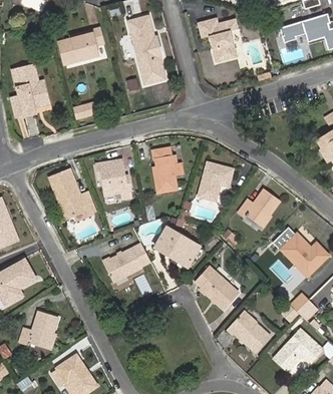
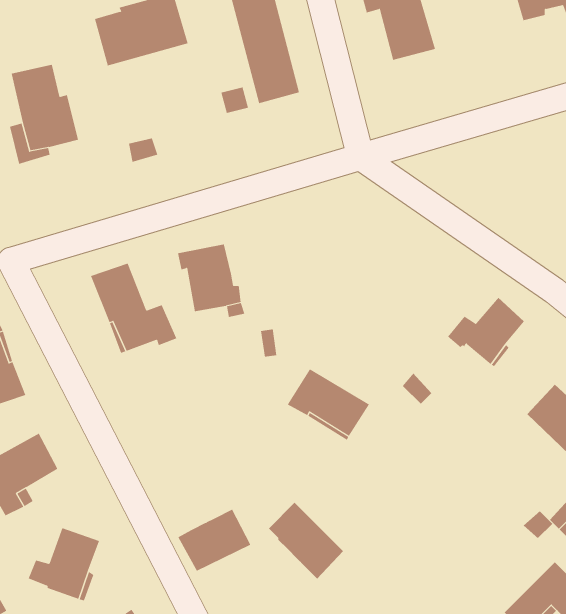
building: [157,146,182,191] -> none
building: [203,159,238,198] -> none
building: [106,247,145,280] -> [178,509,251,571]
building: [197,266,237,307] -> [268,502,344,580]
building: [228,308,270,350] -> none

